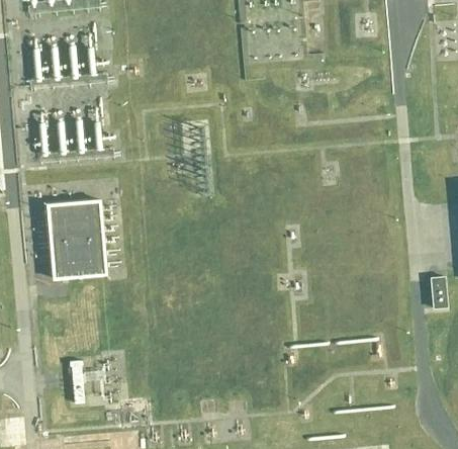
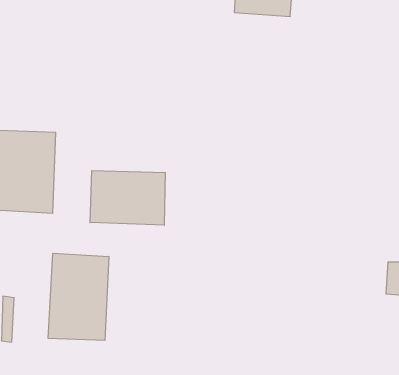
building: none -> [90,171,165,225]
building: none -> [48,253,109,340]

